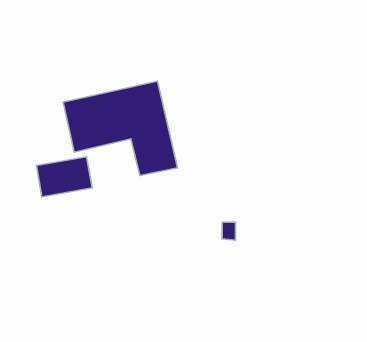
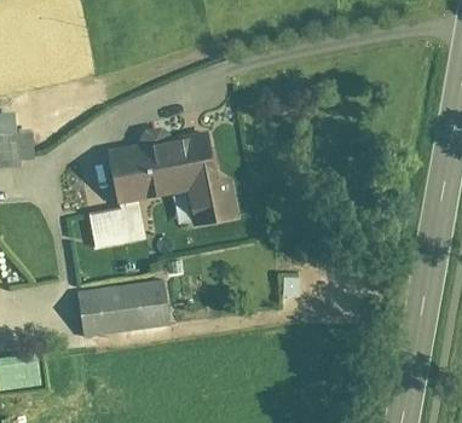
building: none -> [74,277,171,336]

